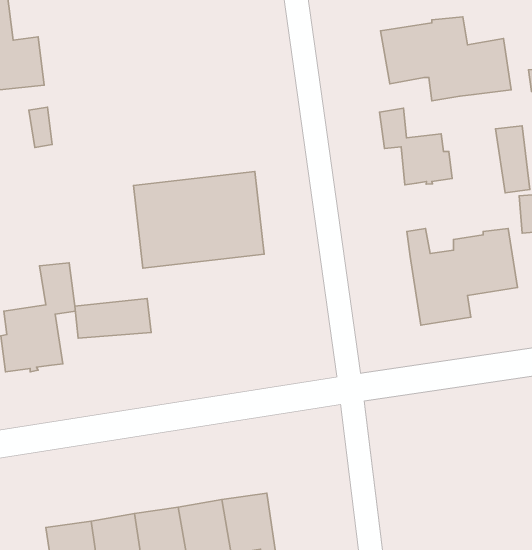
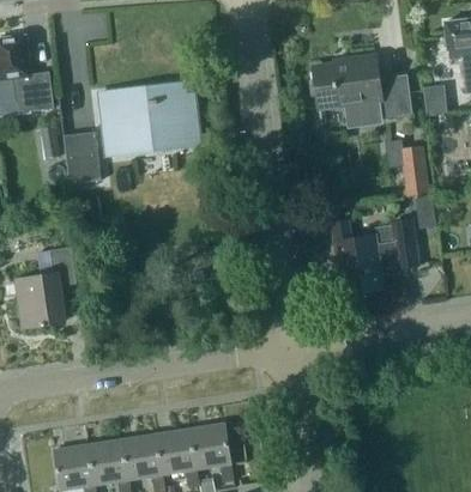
building: [380,108,452,185] -> none
building: none -> [62,132,99,182]
building: [133,172,264,268] -> [98,80,199,154]
building: [75,299,151,338] -> none

